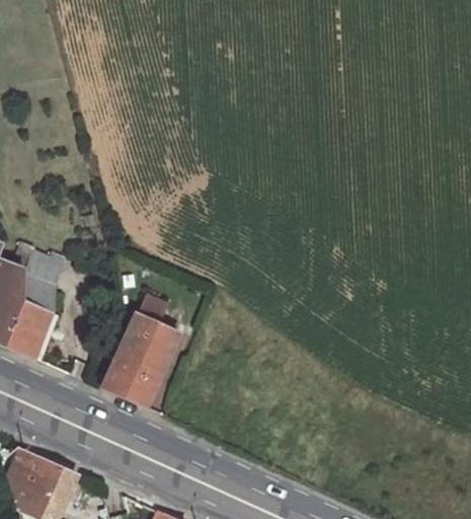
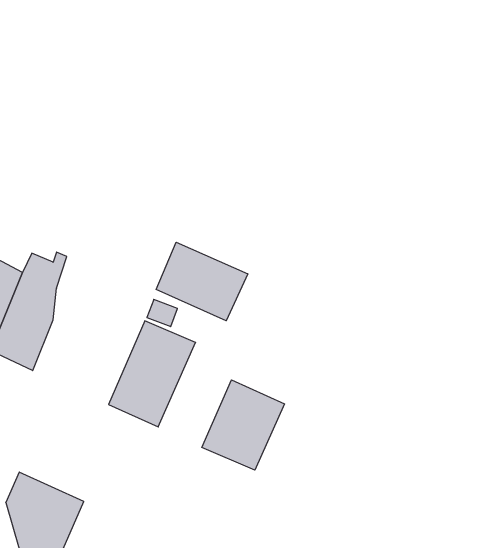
building: none -> [156,242,248,321]
building: none -> [202,380,285,470]

